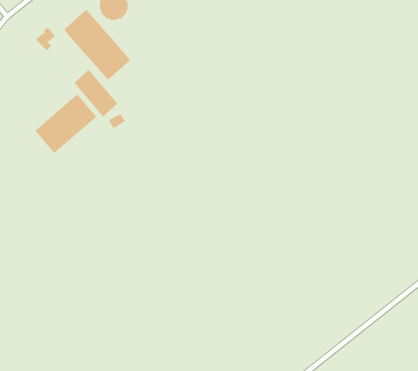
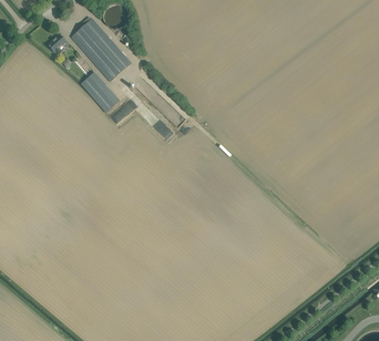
building: [34,94,97,154] -> none

